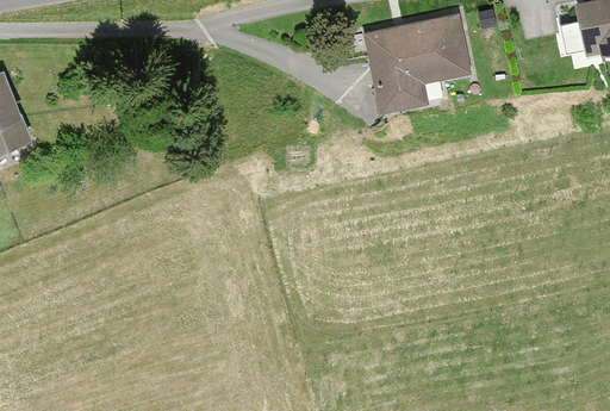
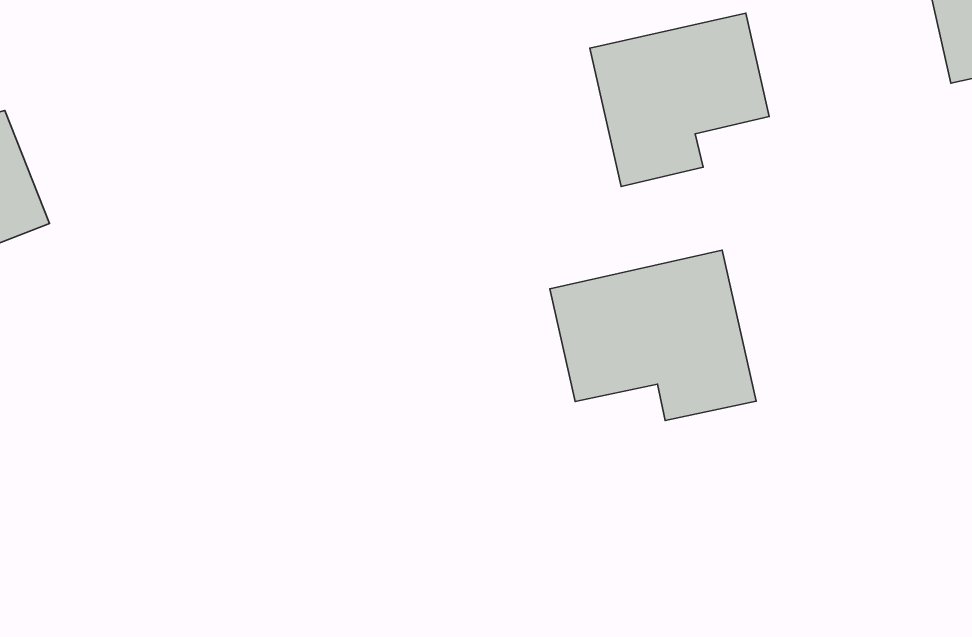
building: none -> [550,250,756,420]

